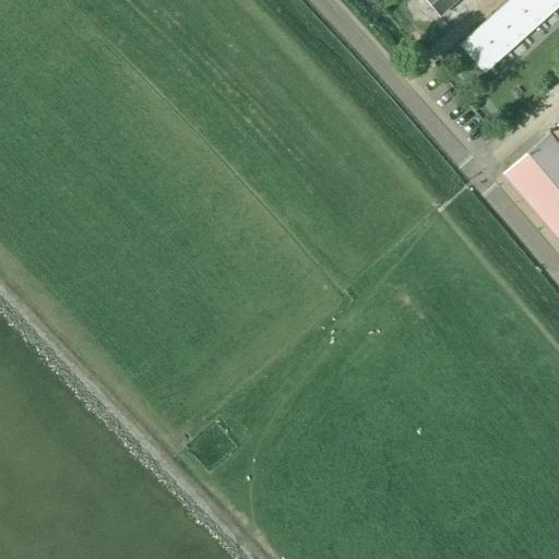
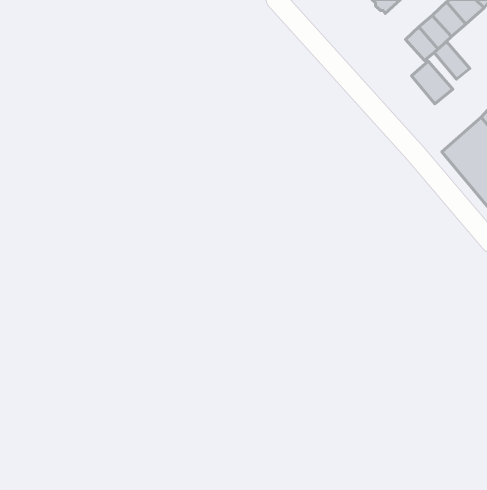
building: none -> [434,42,470,79]
building: none -> [411,61,453,104]

